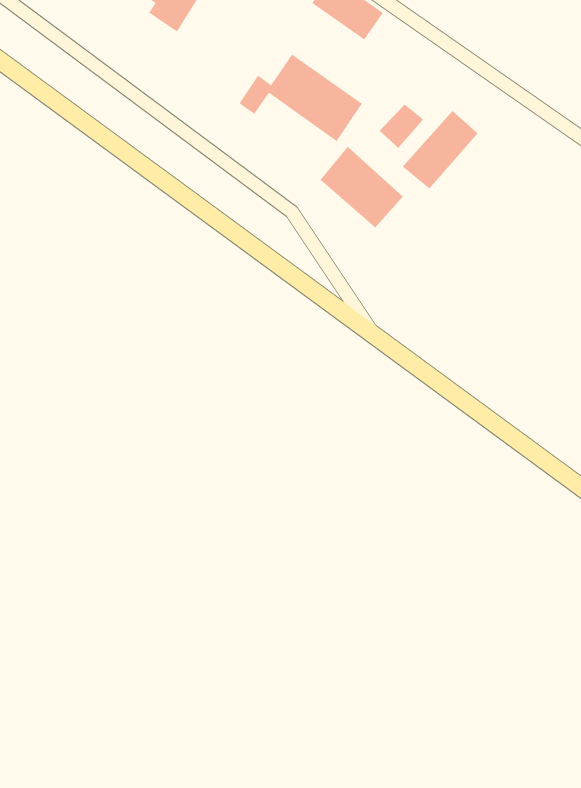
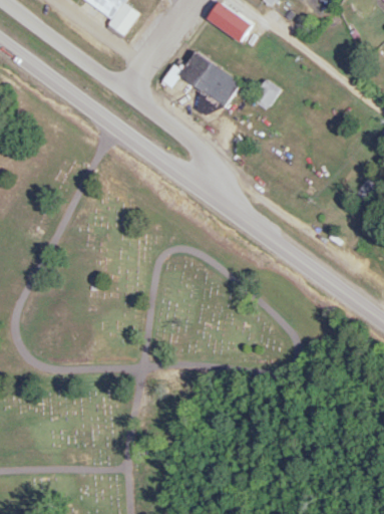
building: [402,110,479,189] -> none
building: [319,146,404,228] -> none

